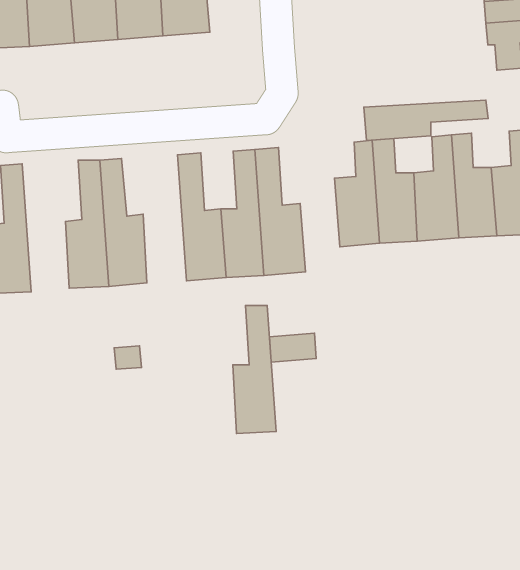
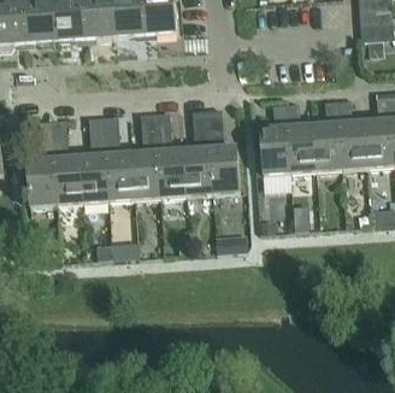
building: [364,100,488,140] -> none
building: none -> [51,118,82,204]
building: [233,305,276,433] -> [131,112,160,198]

